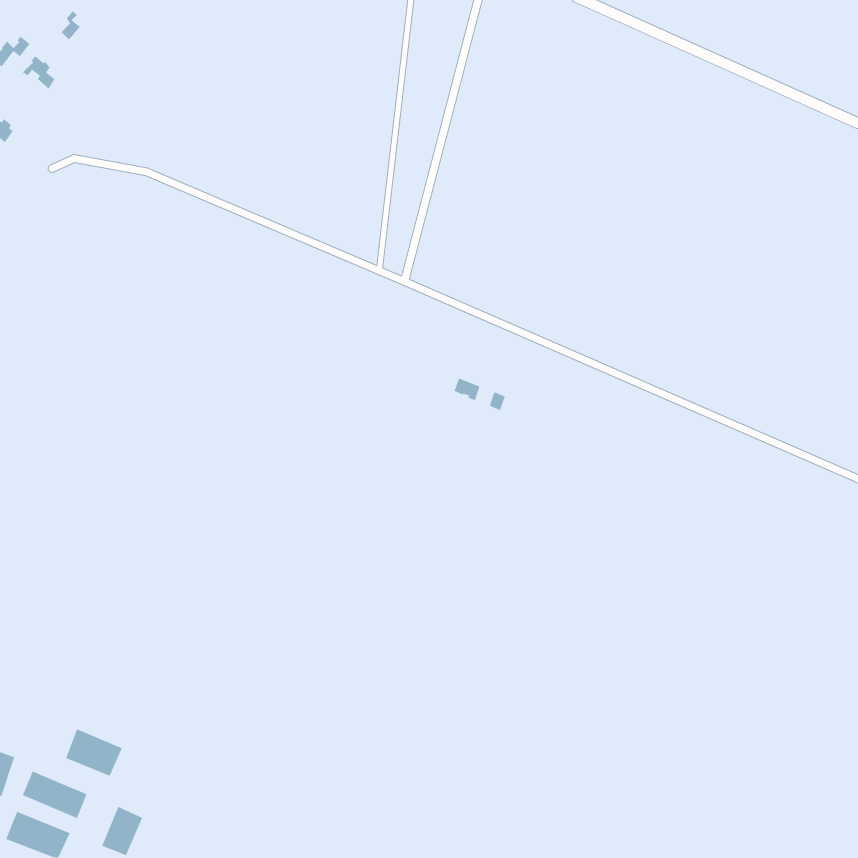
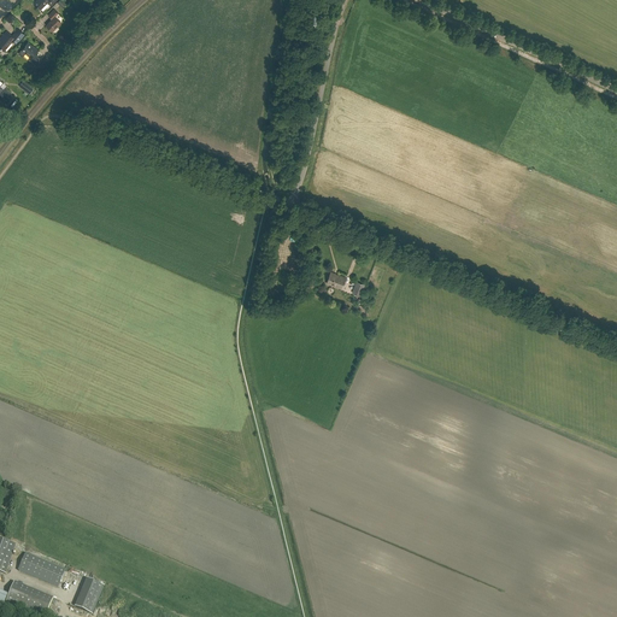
building: [65,728,123,777] -> none

